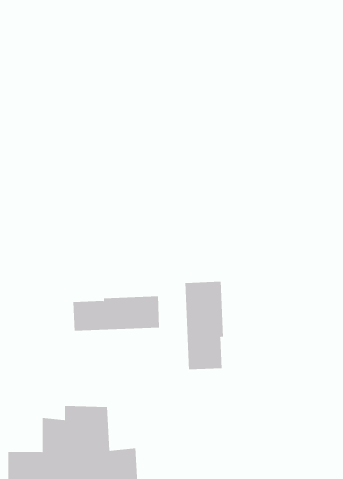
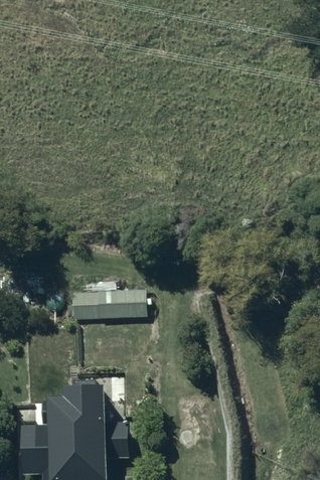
building: [185,281,223,370] -> none

